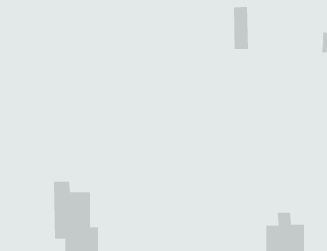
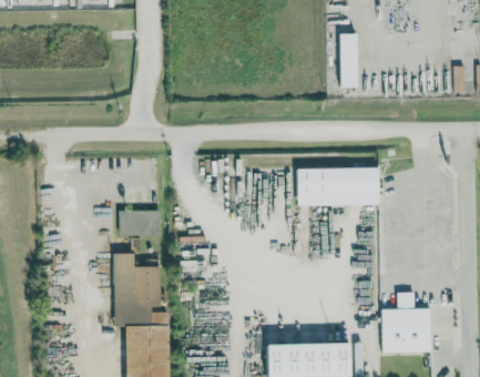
building: none -> [297,166,379,205]
building: none -> [118,210,159,235]

